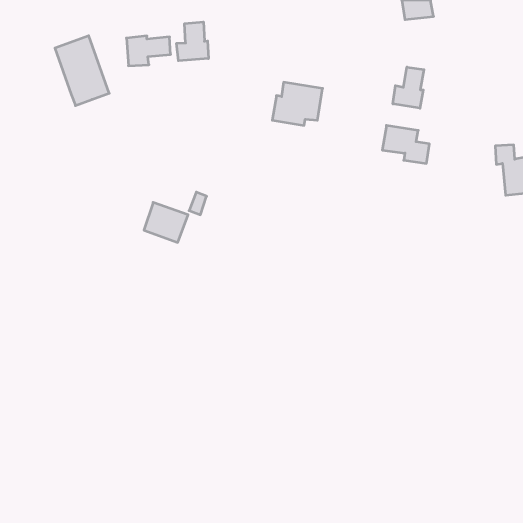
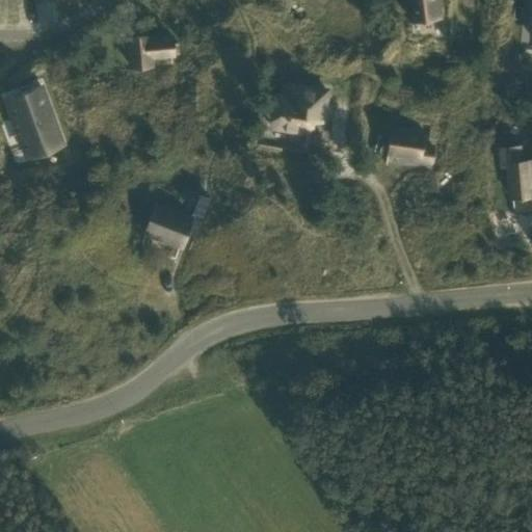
building: [177,22,208,61] -> none
building: [55,36,109,106] -> [8,87,63,158]
building: [393,67,424,108] -> none

